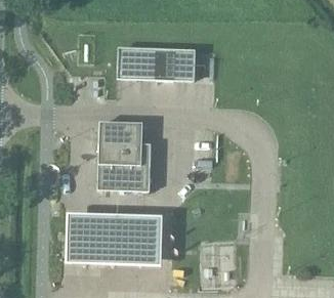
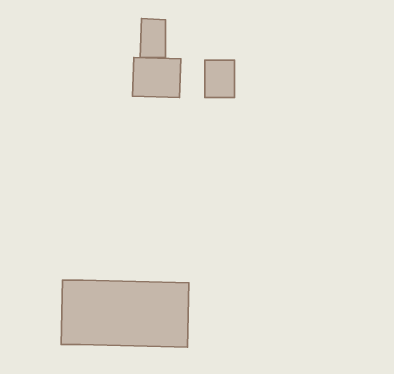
building: [155,47,174,77] -> [140,19,166,58]
building: [98,121,150,188] -> none

